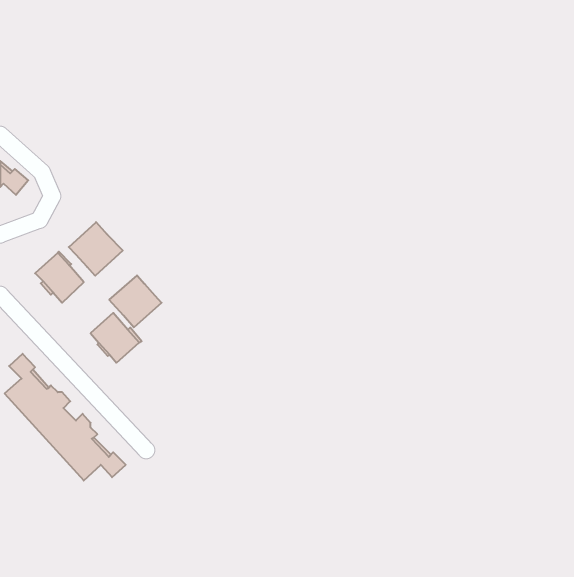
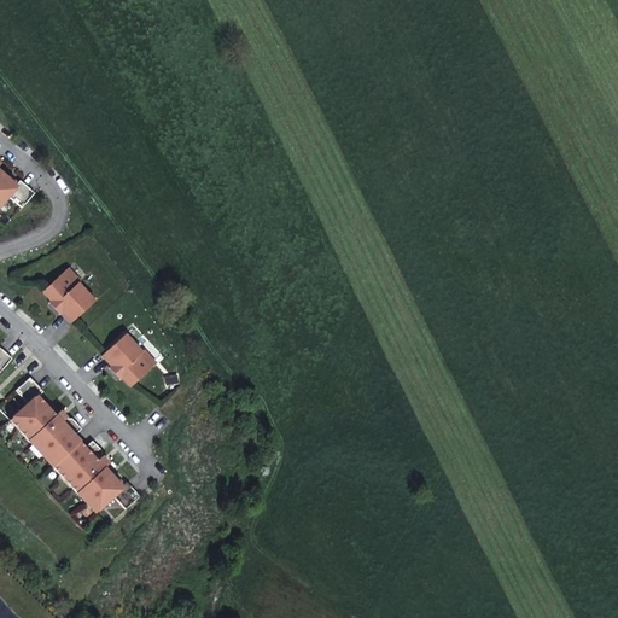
building: [69,222,123,276] -> none
building: [109,275,162,327] -> none

